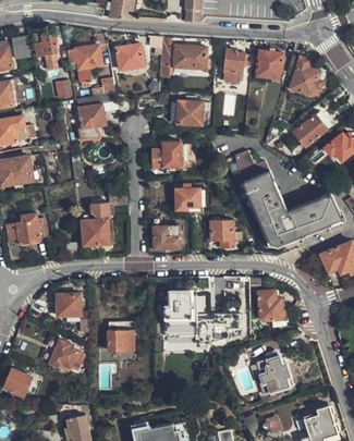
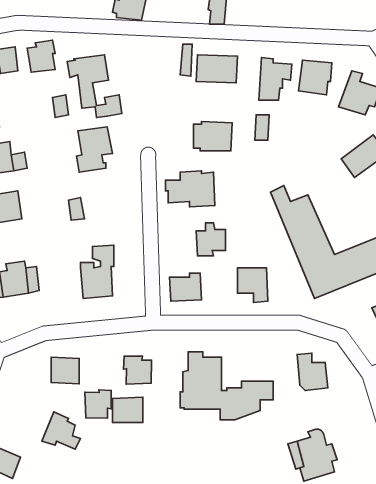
building: [117,46,145,72] -> none
building: none -> [124,356,152,384]
building: none -> [85,390,111,418]

